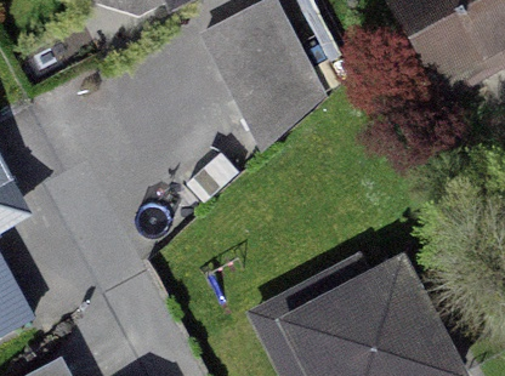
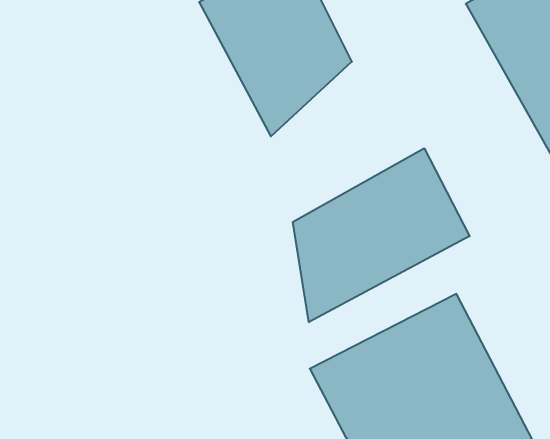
building: none -> [293,148,470,322]

